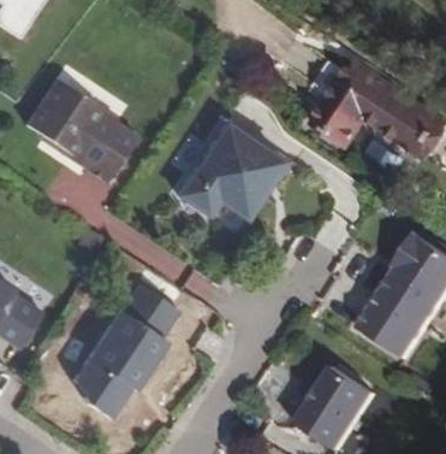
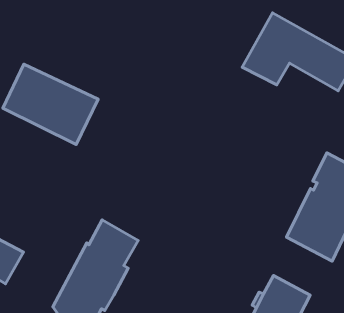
building: [178,129,292,234] -> none

